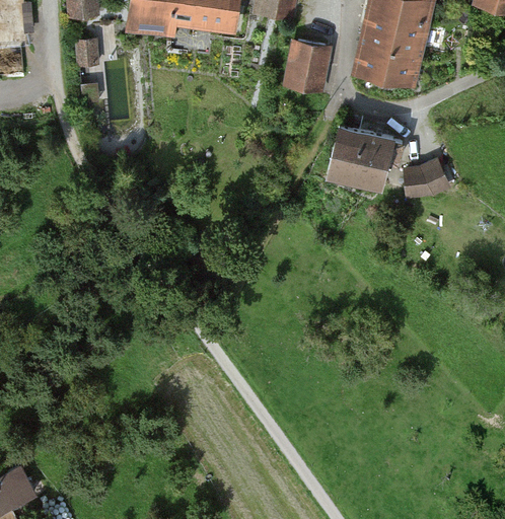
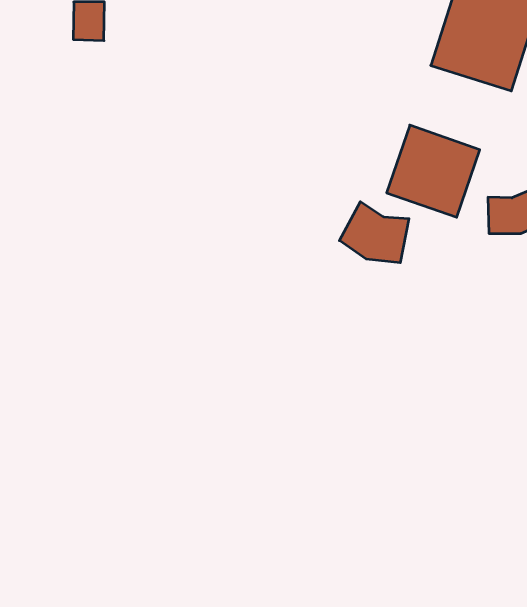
building: [283,39,333,93] -> none
building: none -> [339,202,409,263]

